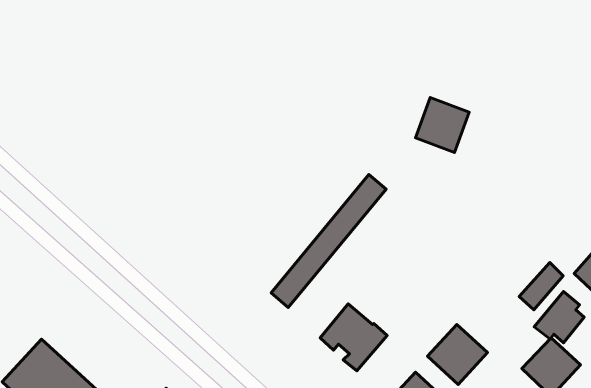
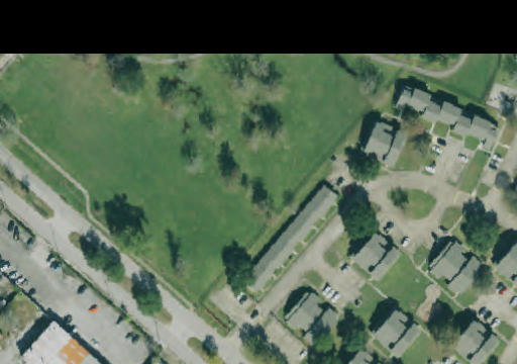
building: none -> [396,84,500,149]
building: none -> [351,231,401,280]
building: [534,292,584,343] -> [427,238,469,280]

